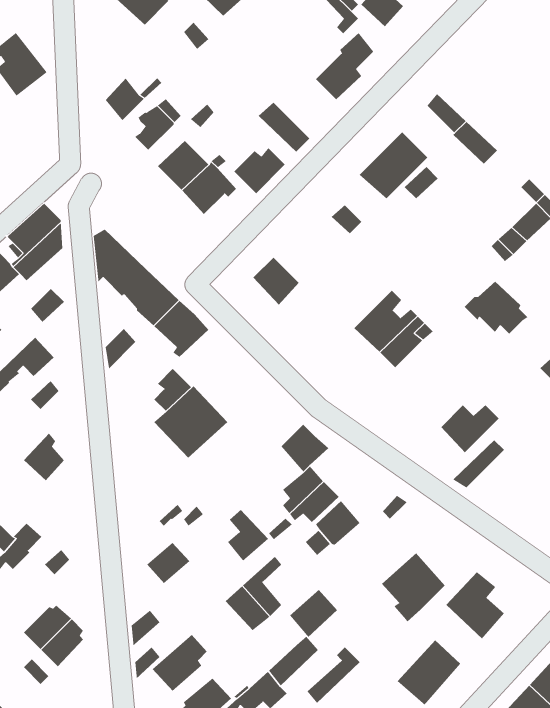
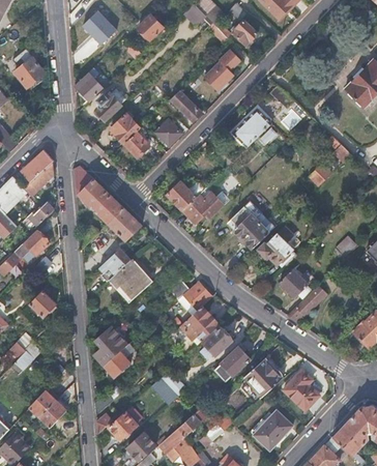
building: none -> [182,187,210,224]
building: [464,281,528,335] -> [258,234,296,266]
building: [227,509,269,561] -> [94,334,119,366]
building: [289,589,338,638] -> [220,347,249,376]

